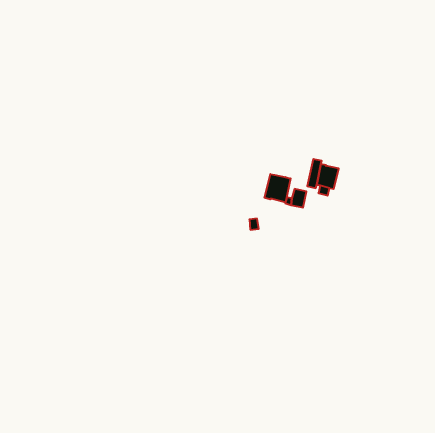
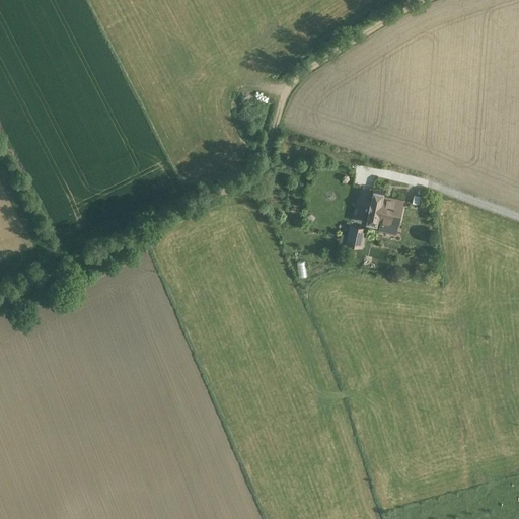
building: [264,174,291,202] -> none

